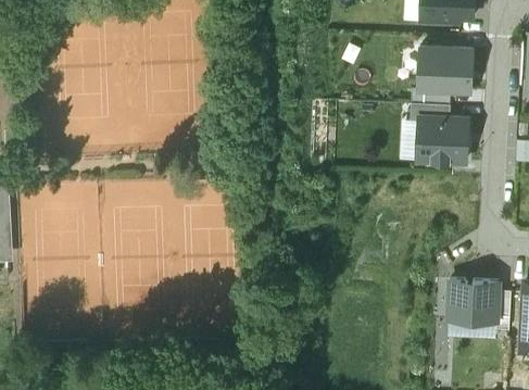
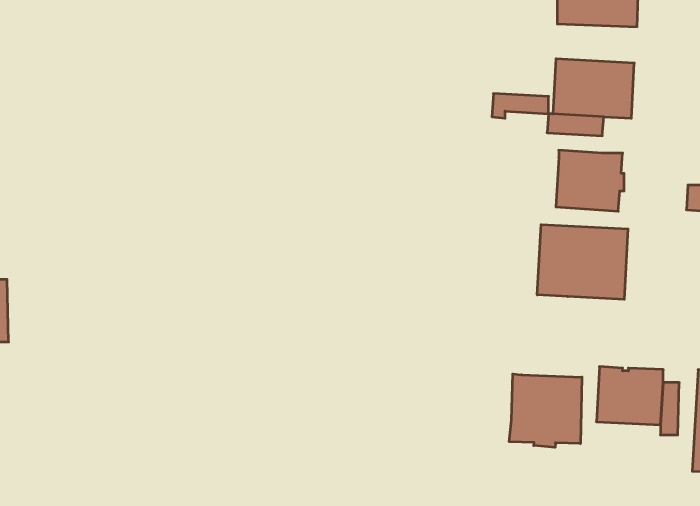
building: [410,102,452,121] -> [492,94,549,118]
building: none -> [537,225,628,299]
building: none -> [509,374,582,447]

